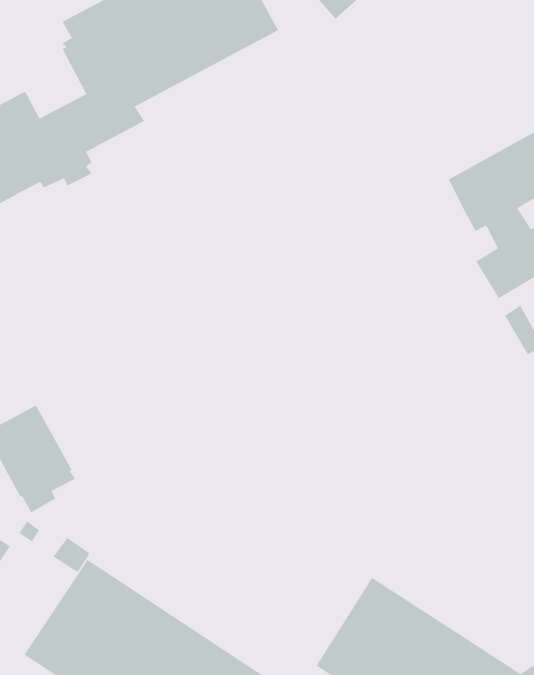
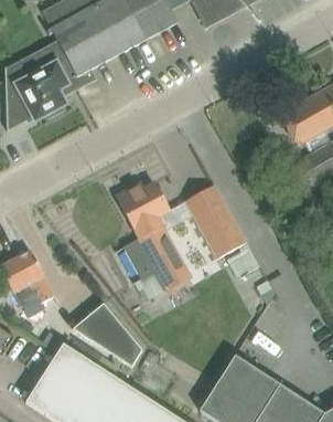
building: none -> [116,181,190,299]
building: none -> [183,182,246,257]
building: none -> [72,302,141,365]

